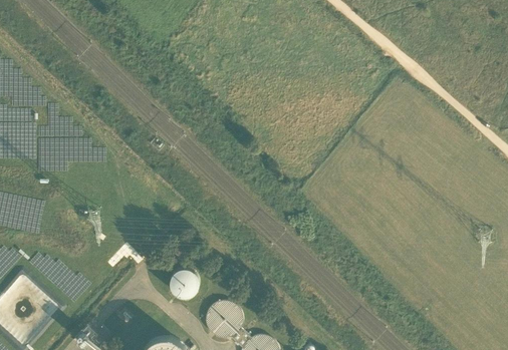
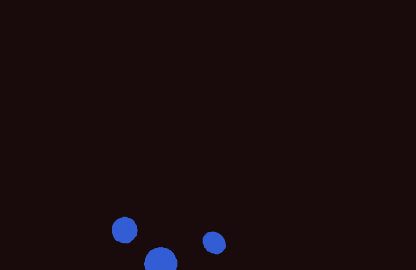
building: none -> [202,231,227,255]

